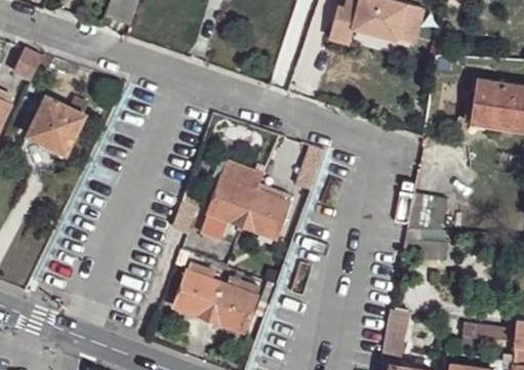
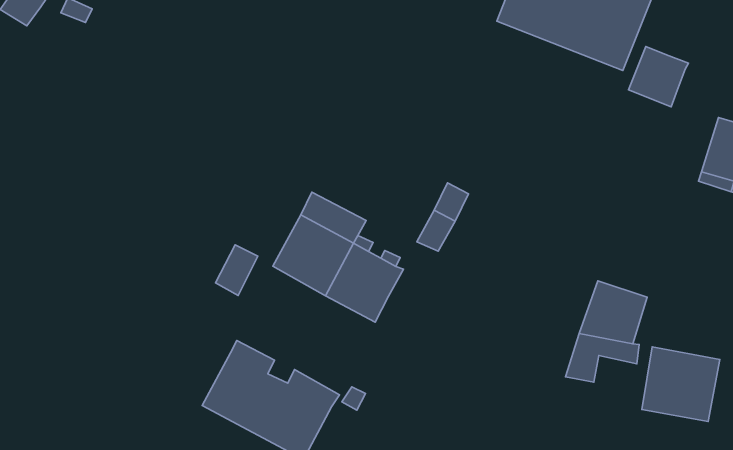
building: none -> [628,46,689,107]
building: [27,95,88,154] -> none
building: none -> [642,347,720,421]

